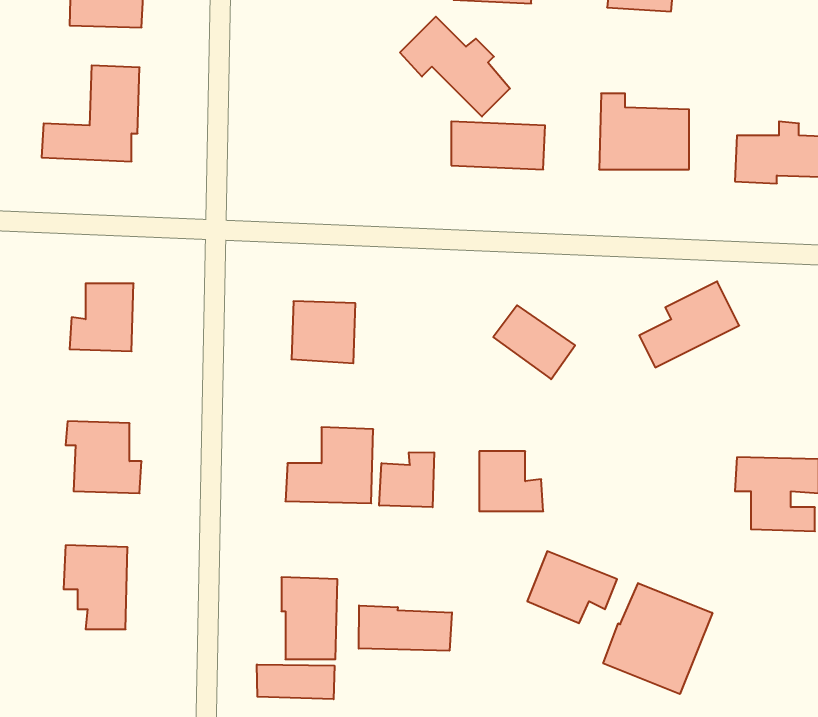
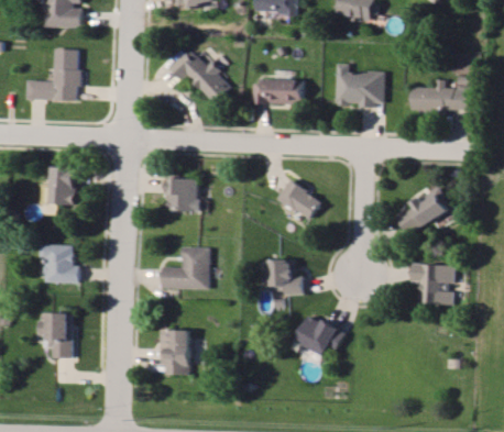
building: [400,17,510,117] -> [168,47,229,102]
building: [639,281,739,367] -> [395,186,450,233]
building: [379,452,434,507] -> none
building: [603,583,712,694] -> none
building: [359,605,452,651] -> none
building: [257,664,334,699] -> none

